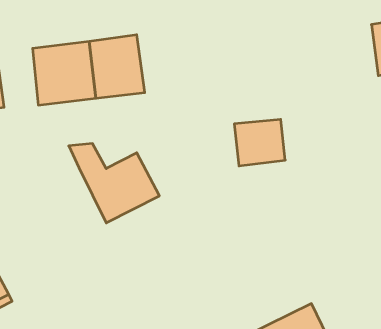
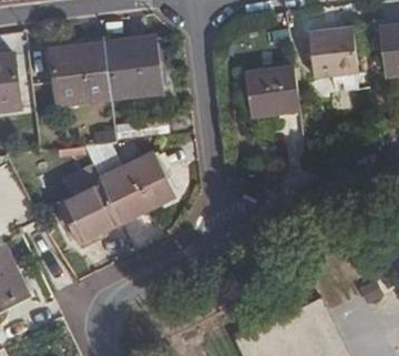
building: none -> [308,28,357,77]
building: [234,119,285,166] -> [248,68,298,113]
building: none -> [55,166,121,244]

